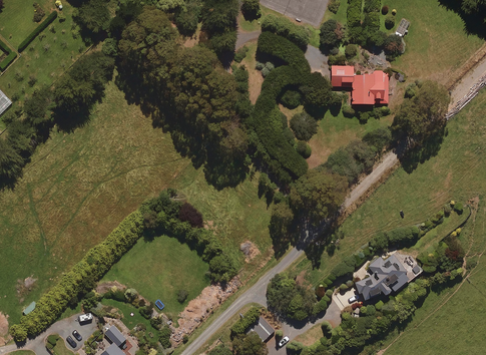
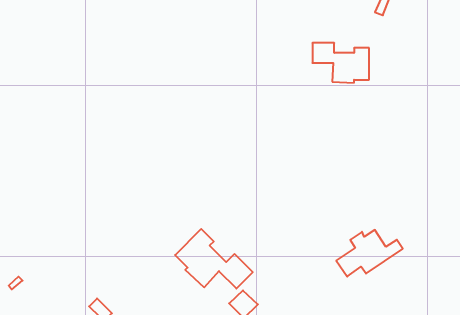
building: none -> [175,229,253,289]

